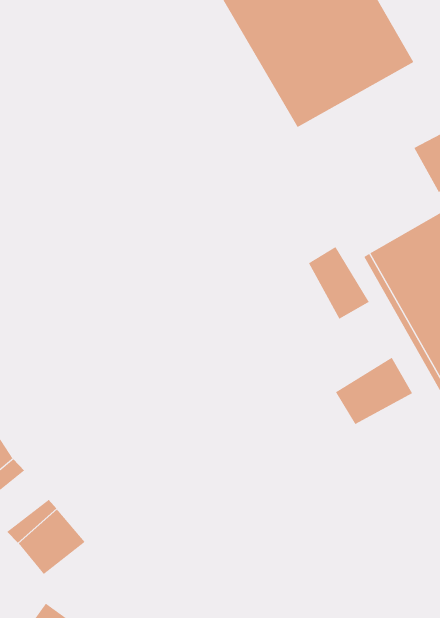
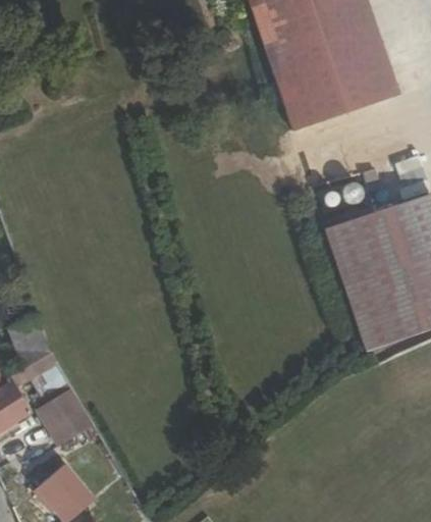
building: [308,246,370,319] -> none
building: [335,357,413,425] -> none

